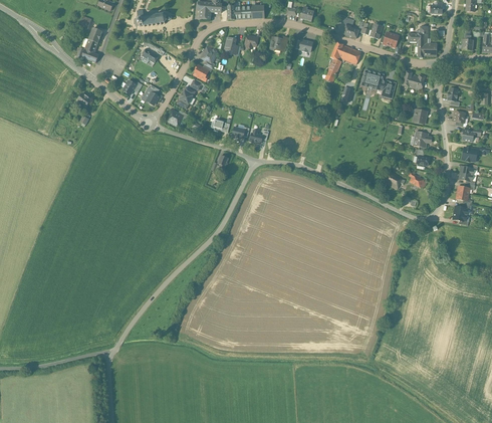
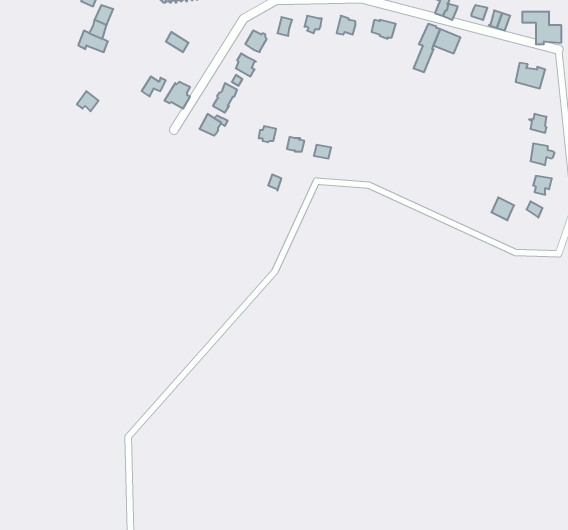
building: [361,69,396,96] -> none

